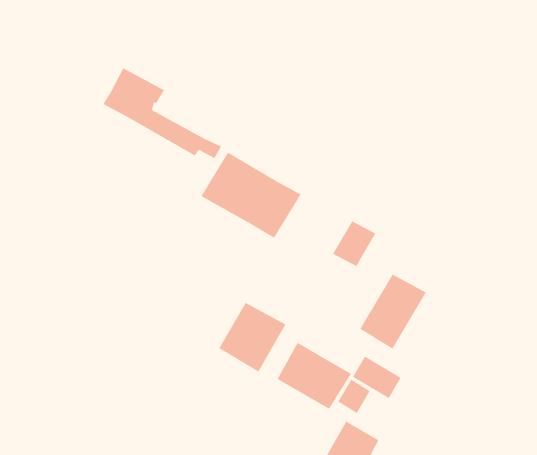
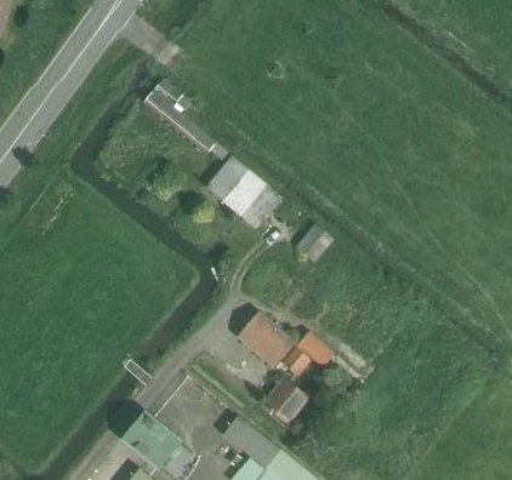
building: [360,274,427,350] -> none
building: [218,302,286,373] -> none

